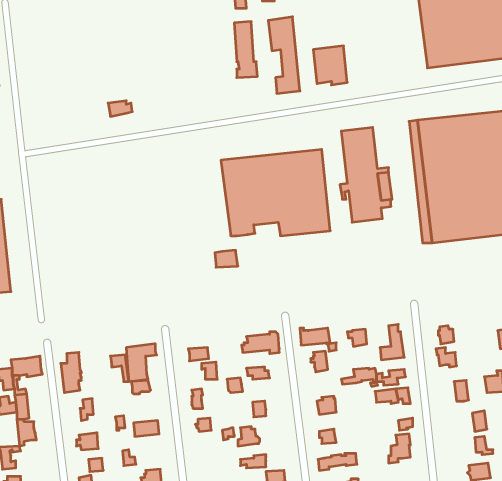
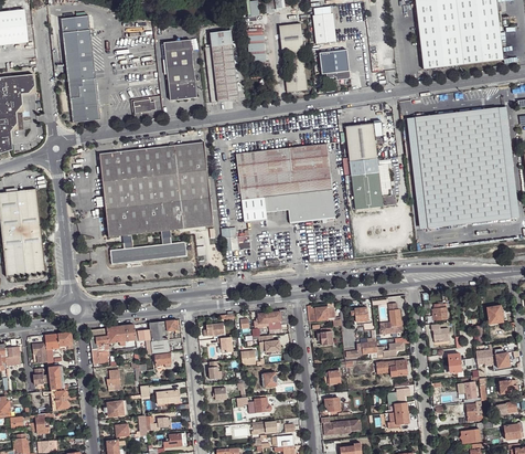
building: none -> [312,14,336,44]
building: none -> [62,15,100,123]
building: none -> [205,31,238,103]
building: none -> [163,40,197,101]
building: none -> [99,142,214,264]
building: none -> [107,325,137,344]

